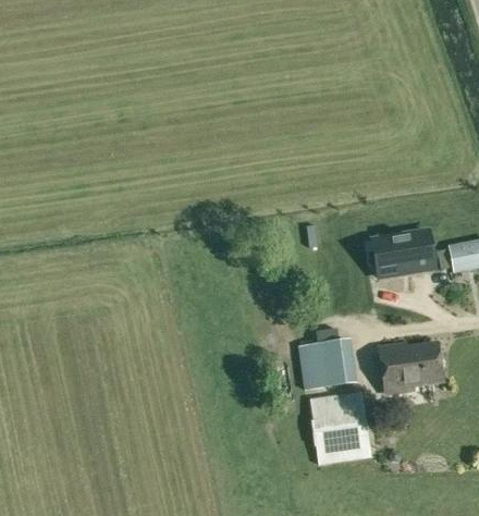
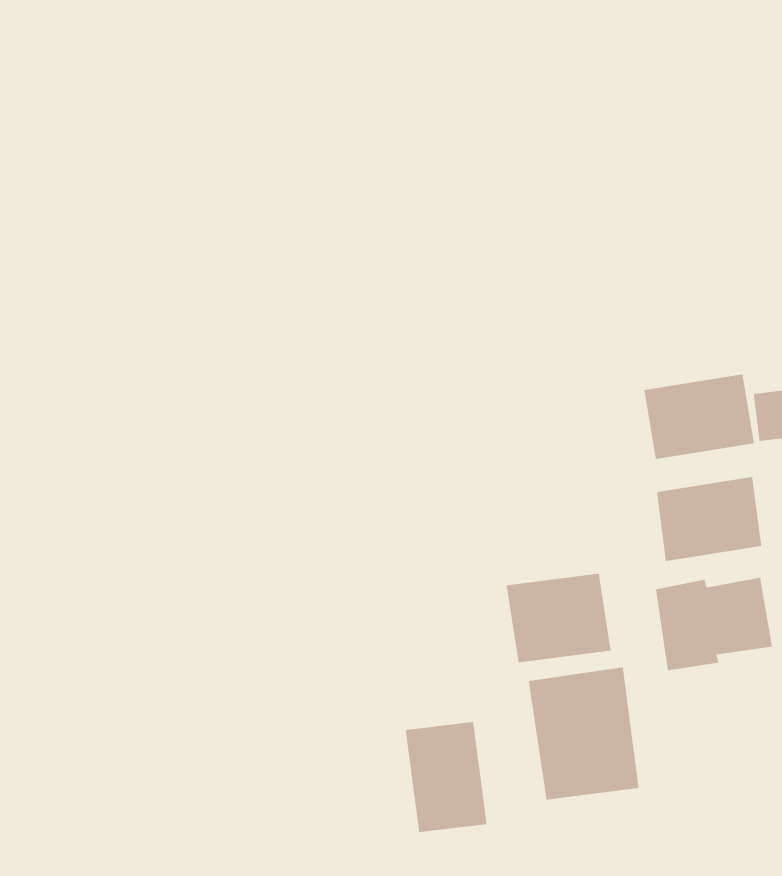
building: none -> [656,476,762,562]
building: none -> [405,721,487,833]

